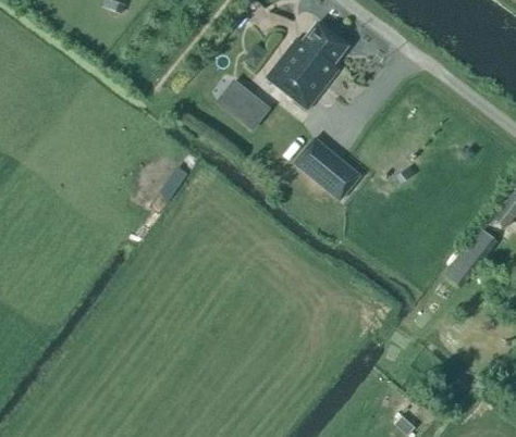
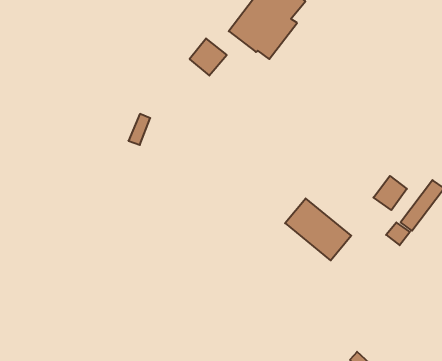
building: [291,135,360,200] -> [285,198,351,260]
building: none -> [373,176,407,210]

